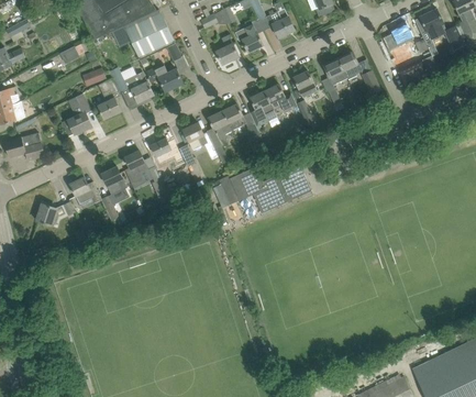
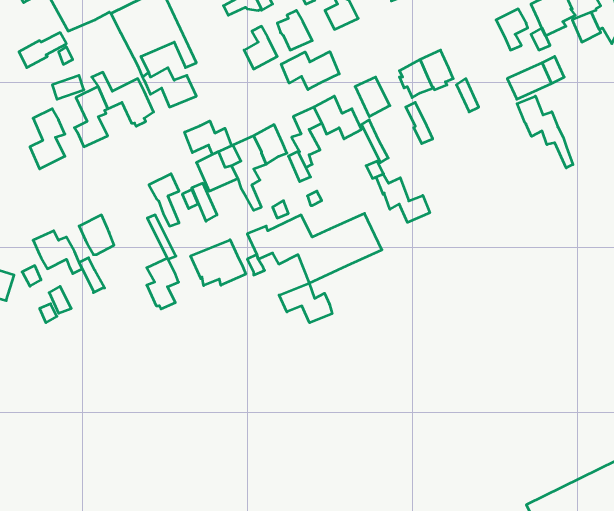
building: none -> [281,52,339,90]
building: none -> [517,96,573,168]
building: none -> [185,121,231,154]
building: none -> [376,174,430,222]
building: [124,151,146,186] -> [147,258,179,309]
building: none -> [191,240,246,286]
building: none -> [279,283,332,323]

